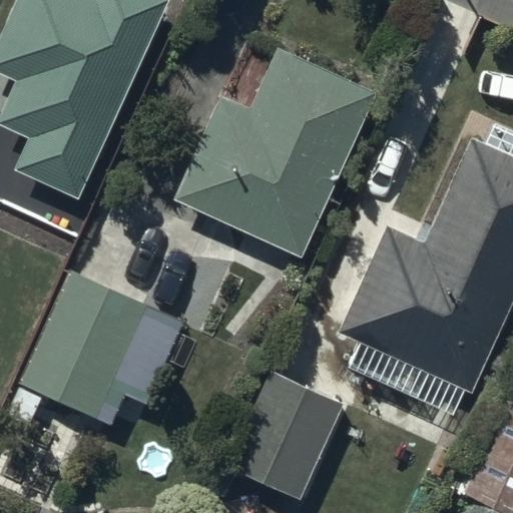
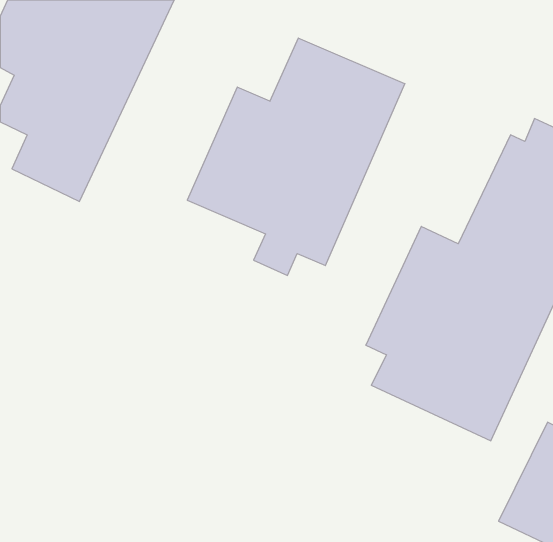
building: [18,270,188,426] -> none
building: [223,371,343,501] -> none

